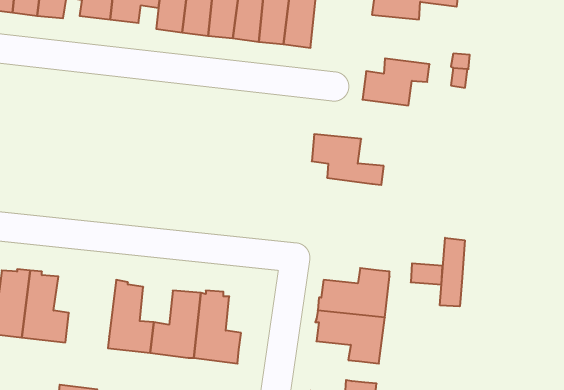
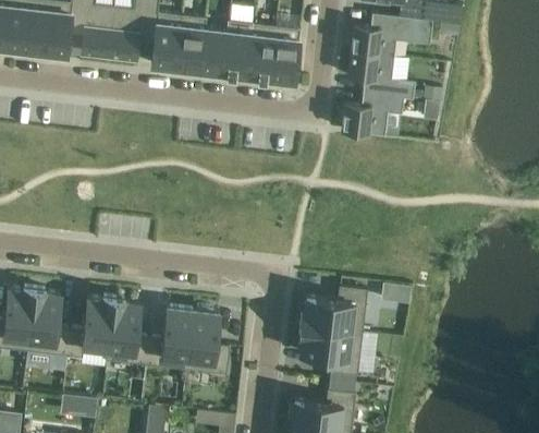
building: [312,134,384,185] -> [348,52,415,99]
building: [440,238,465,306] -> none
building: none -> [68,297,114,358]

